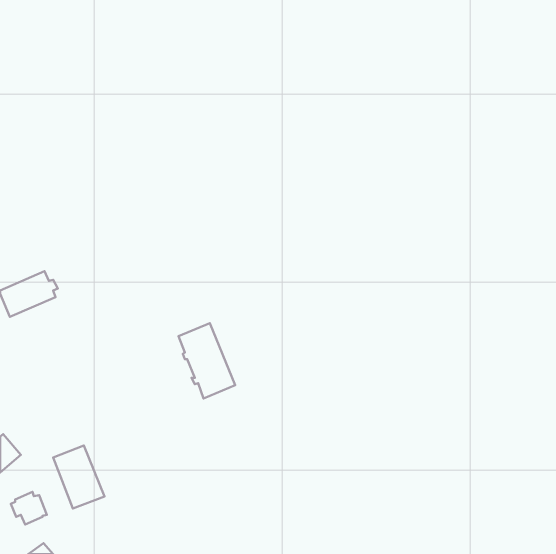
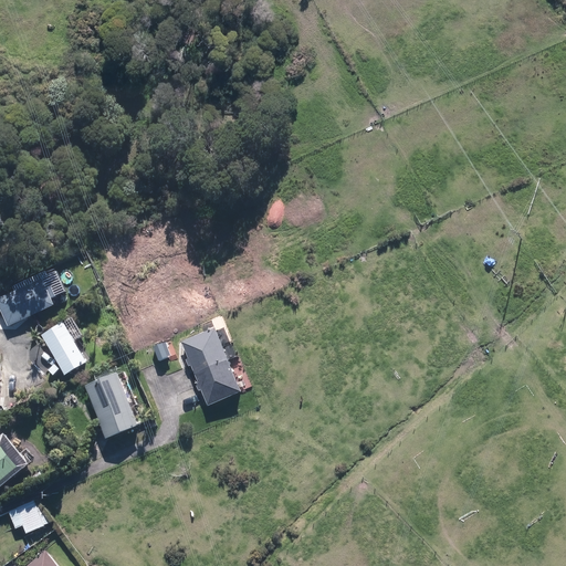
building: none -> [45,319,90,371]
building: [53,445,104,509] -> [85,374,137,438]

